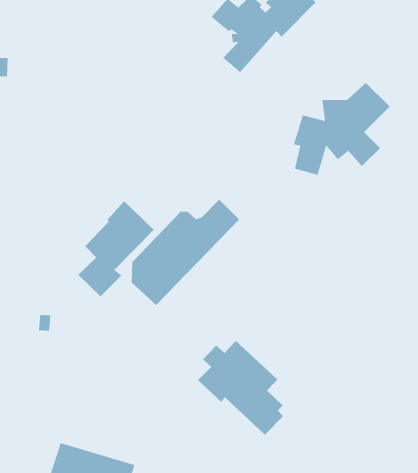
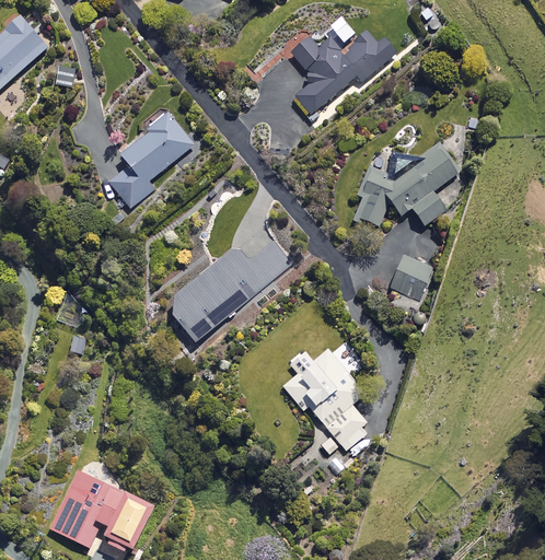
building: none -> [390,255,434,302]
building: [77,201,155,297] -> [109,112,195,208]
building: [197,340,284,435] -> [282,349,368,451]

